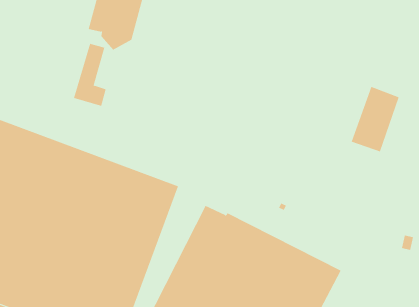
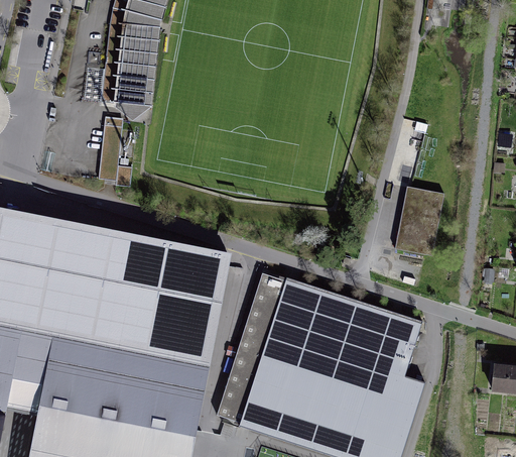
building: [351,86,399,152] -> [394,185,439,255]

